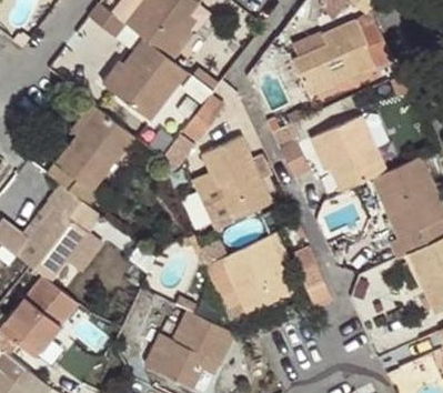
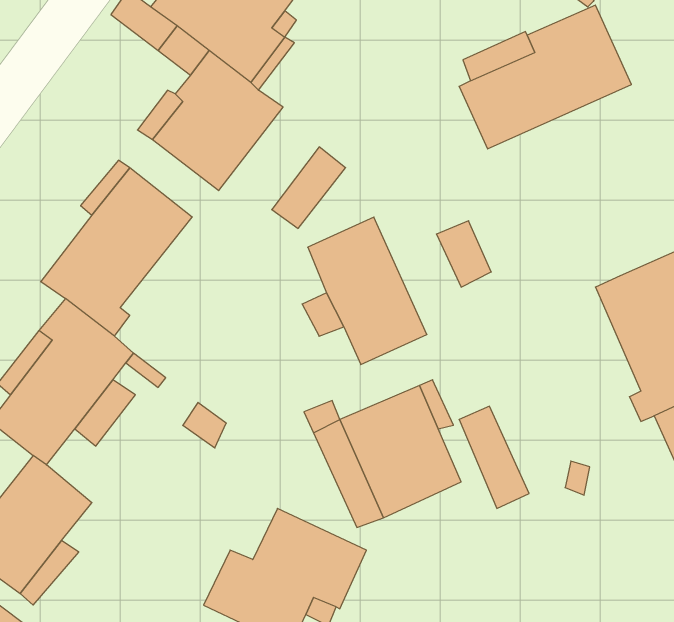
building: [310,115,385,191] -> none

